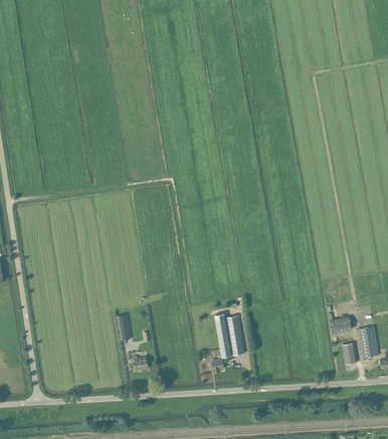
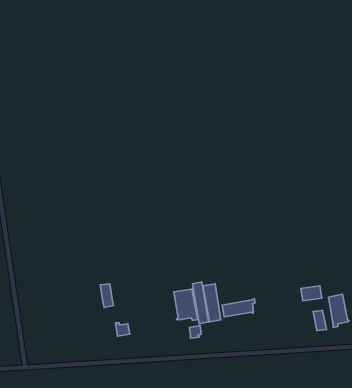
building: none -> [174,289,198,321]
building: none -> [222,299,255,317]

